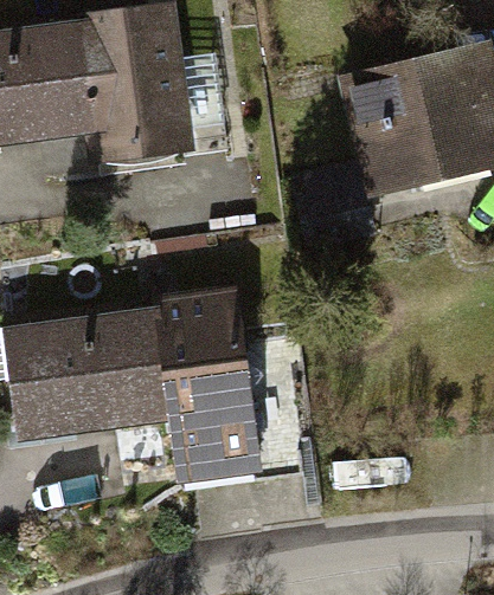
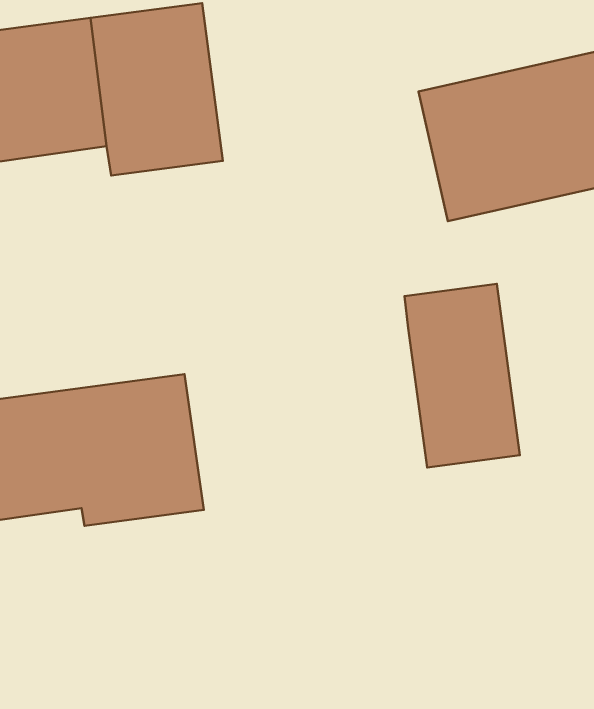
building: none -> [404,284,520,468]
building: [160,297,265,461] -> none

